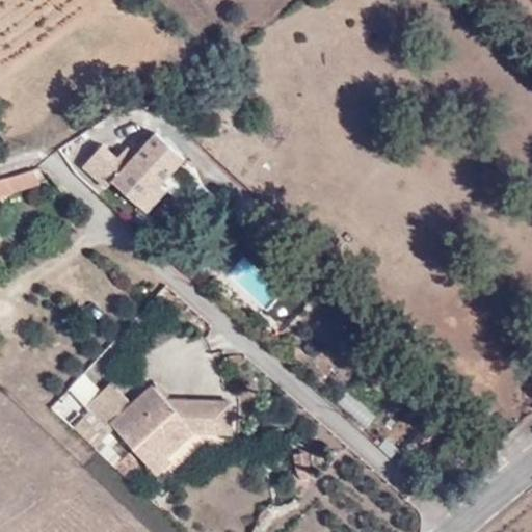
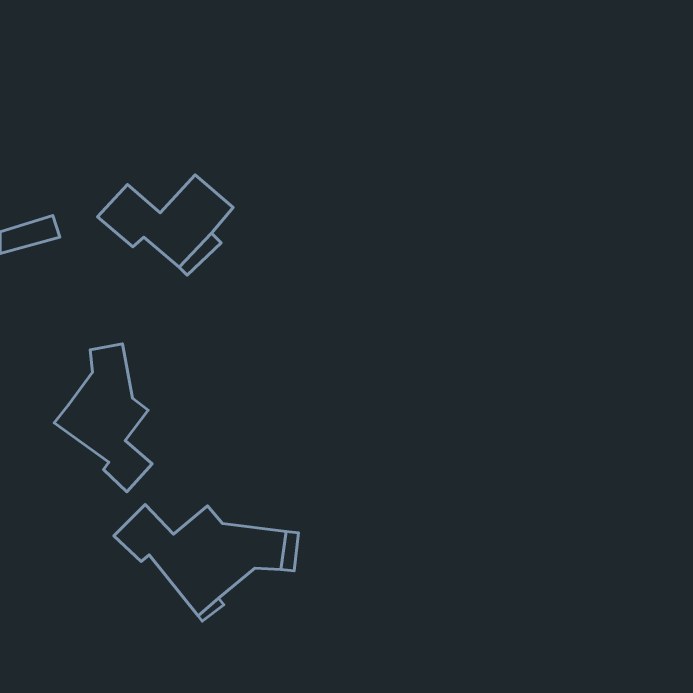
building: none -> [54,344,152,492]

